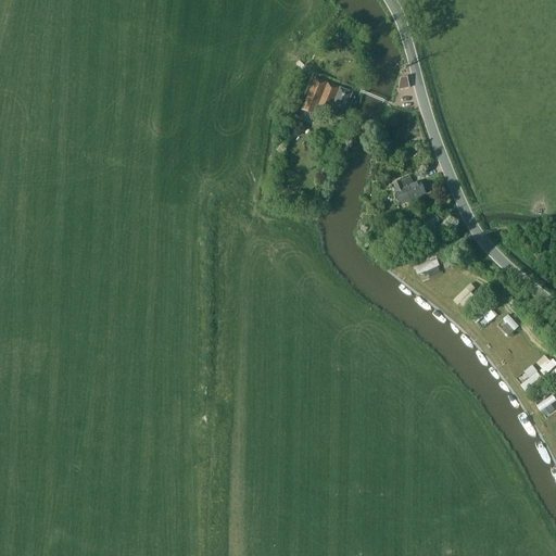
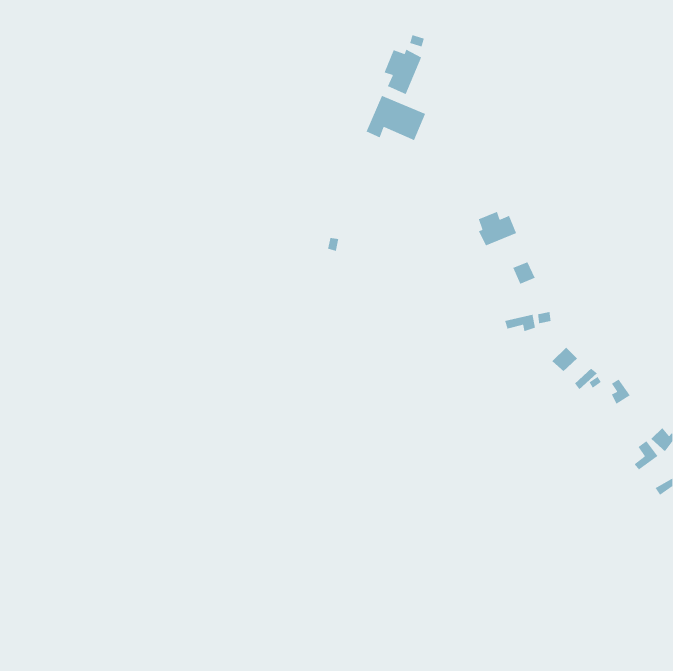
building: none -> [383,49,422,95]

